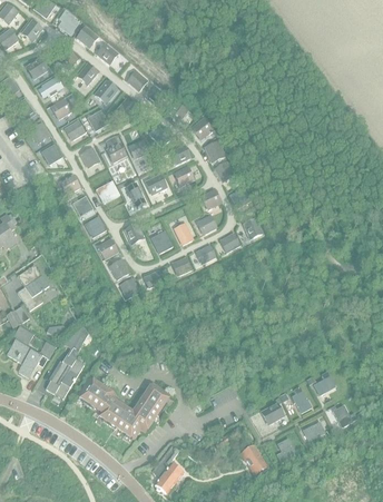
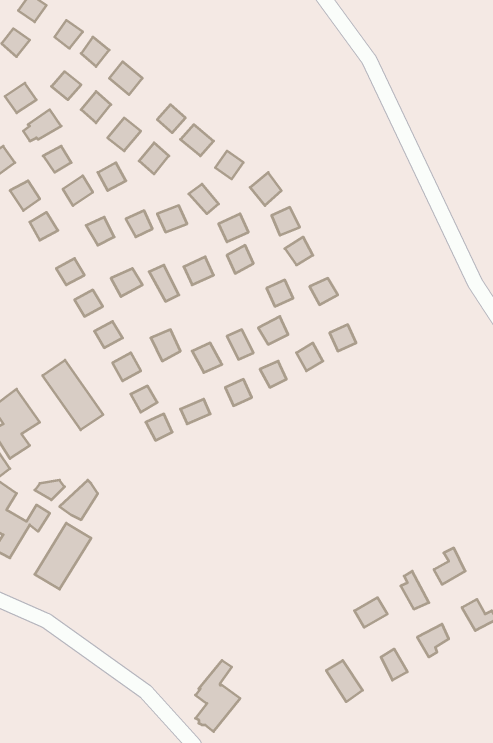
building: none -> [43,360,103,430]
building: [79,377,168,436] -> none

